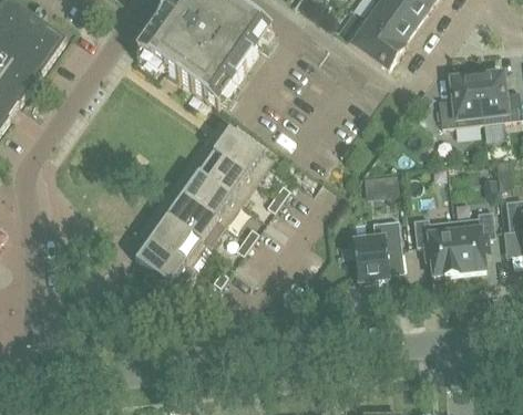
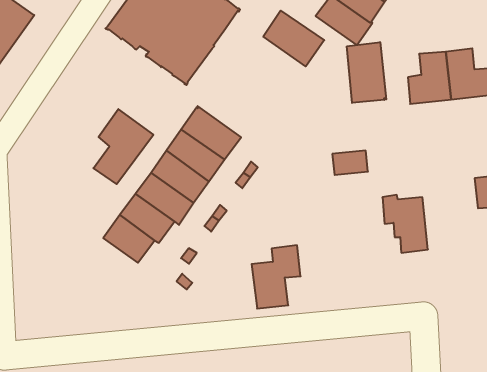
building: none -> [263,11,324,66]
building: none -> [347,42,386,103]
building: none -> [93,109,153,184]
building: [454,210,496,271] -> none
building: [353,219,402,282] -> [252,245,301,309]

